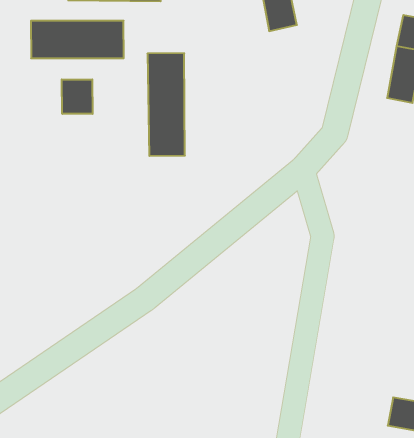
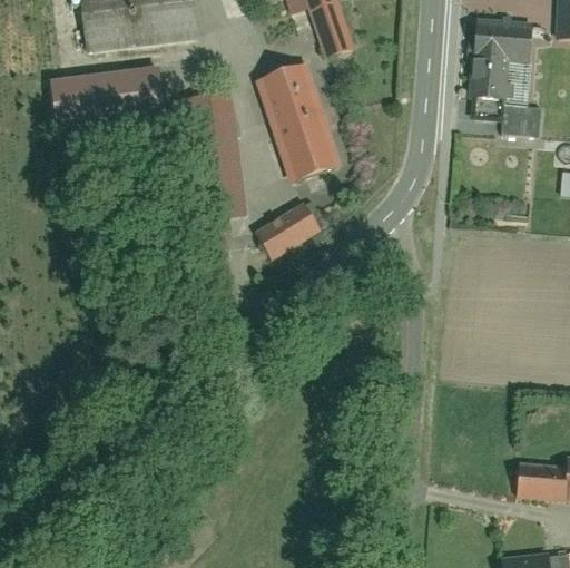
building: none -> [257,65,341,179]
building: [62,79,93,114] -> none
building: none -> [256,203,320,261]

